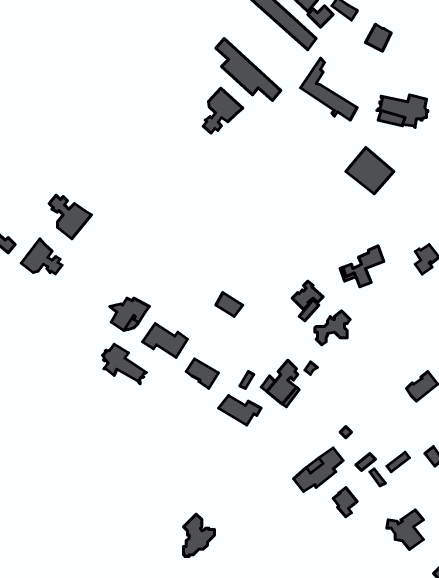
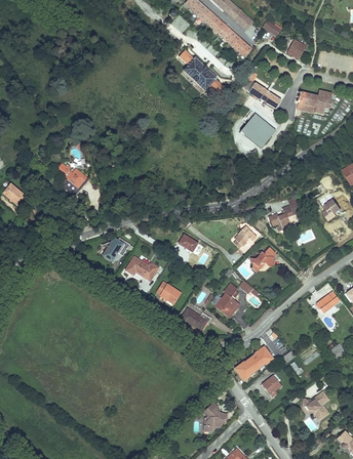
building: [203,88,243,133] -> none
building: [346,147,394,194] -> [241,113,276,147]
building: [21,239,62,274] -> none
building: [103,344,146,384] -> none
building: [183,514,214,556] -> [204,402,227,432]

